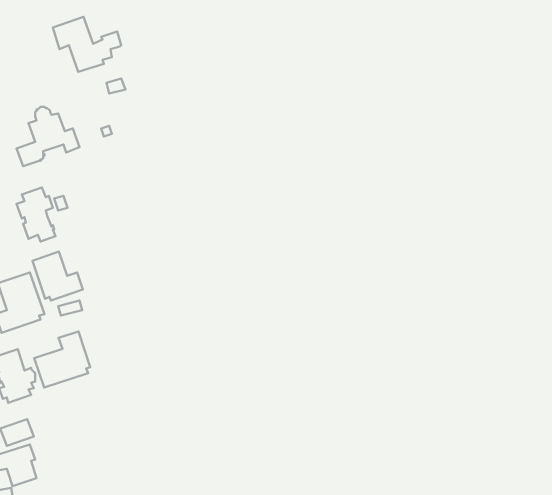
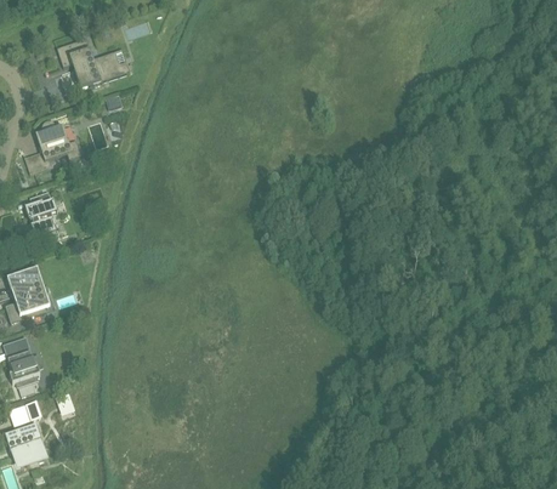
building: [33,252,83,301] -> none
building: [34,331,90,387] -> none

